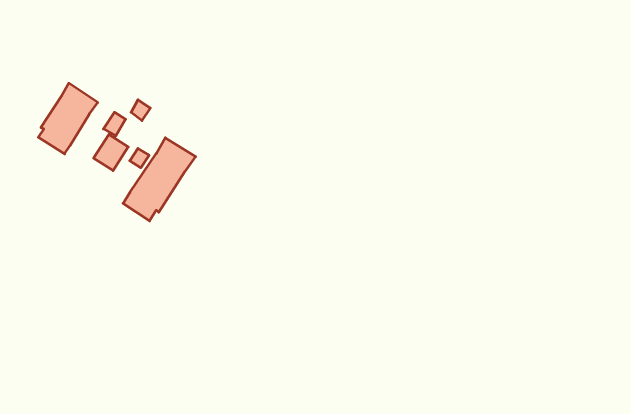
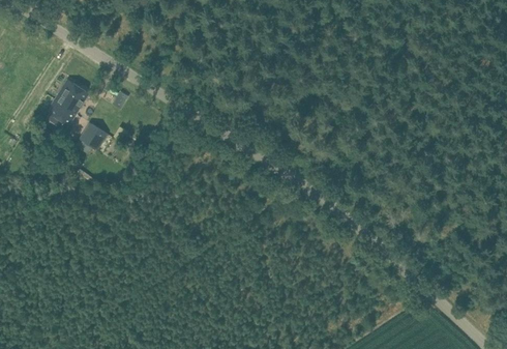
building: [123,138,196,221] -> none

